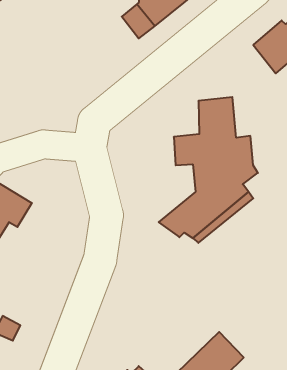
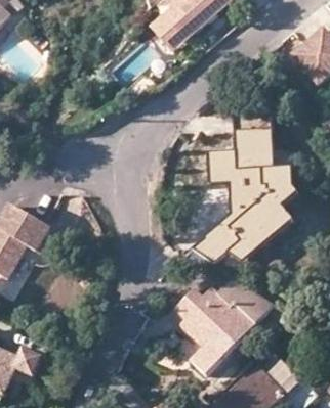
building: none -> [174,277,273,375]

